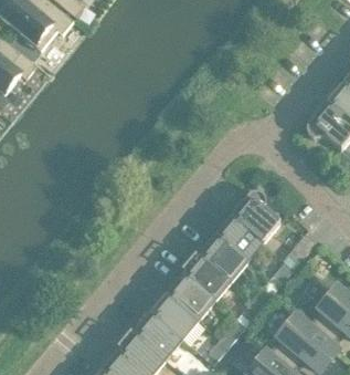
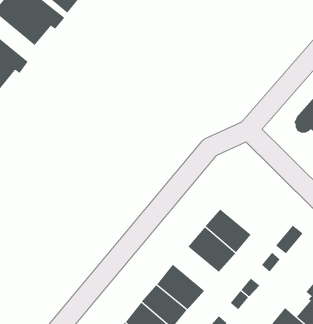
building: [230,192,279,243] -> none
building: [181,256,229,301] -> none

